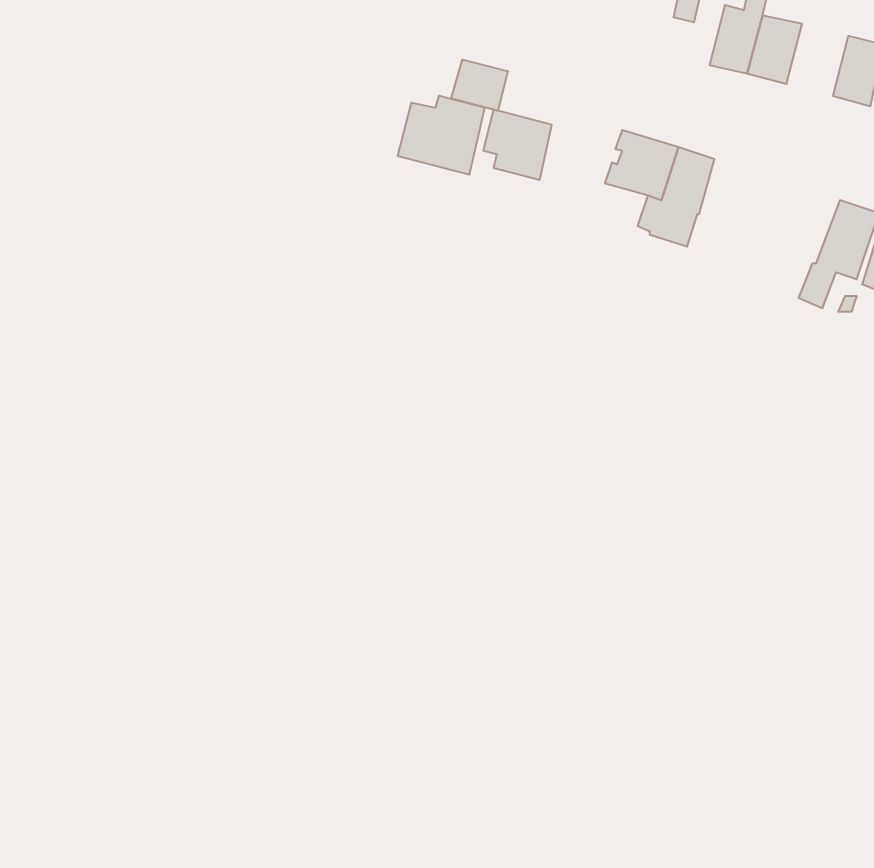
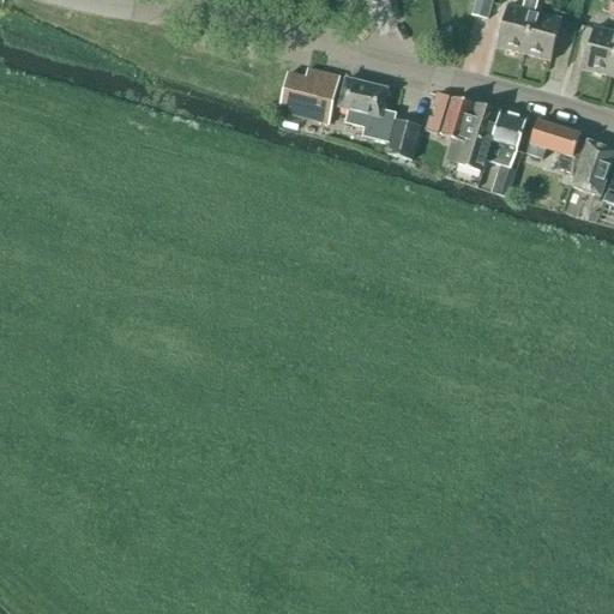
building: [451,60,508,111] -> none
building: none -> [490,109,528,175]
building: none -> [389,119,421,158]
building: none -> [528,120,588,173]

